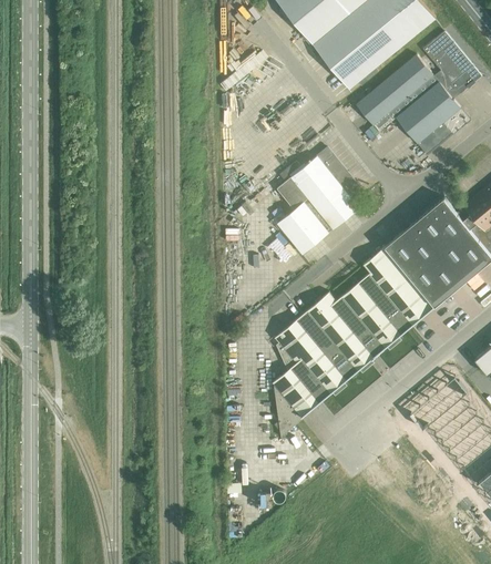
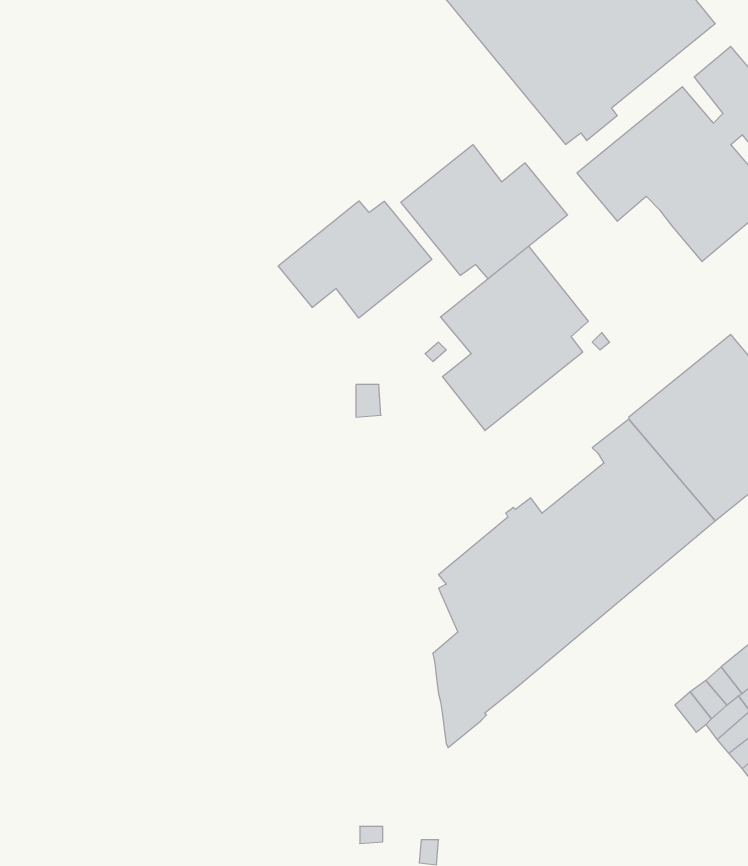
building: none -> [401,145,568,279]
building: none -> [278,201,432,318]

